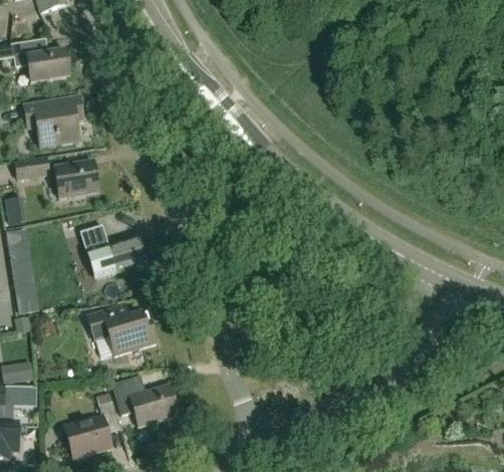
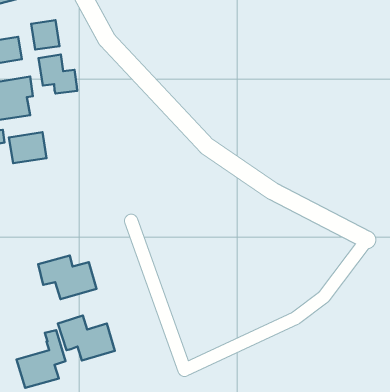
building: none -> [31,20,59,50]
building: none -> [39,55,77,94]
building: [77,235,146,271] -> none

